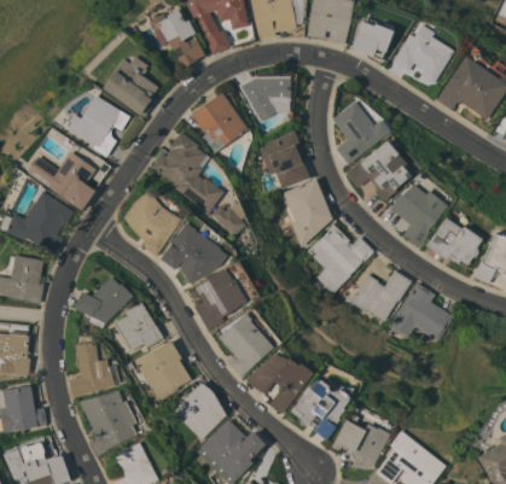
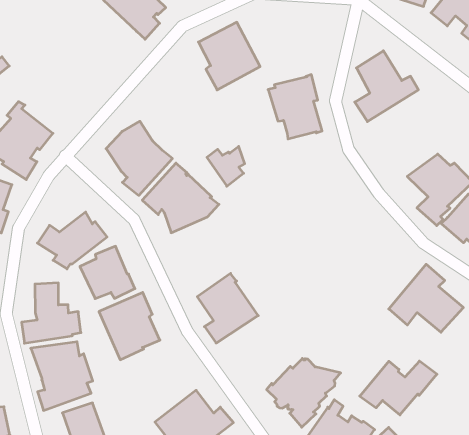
building: [238,75,290,121] -> none
building: [65,94,130,156] -> none
building: [151,132,223,212] -> none
building: [345,140,411,200] -> none
building: [27,151,95,210] -> none
building: [281,177,331,246] -> none
building: [307,223,373,293] -> none
building: [192,267,246,330] -> none
building: [345,270,411,320] -> [360,361,437,415]
building: [245,352,313,413] -> none
building: [171,381,226,439] -> none

